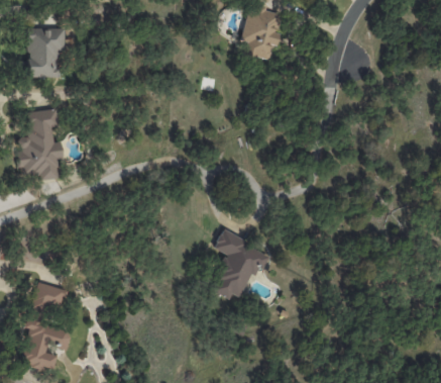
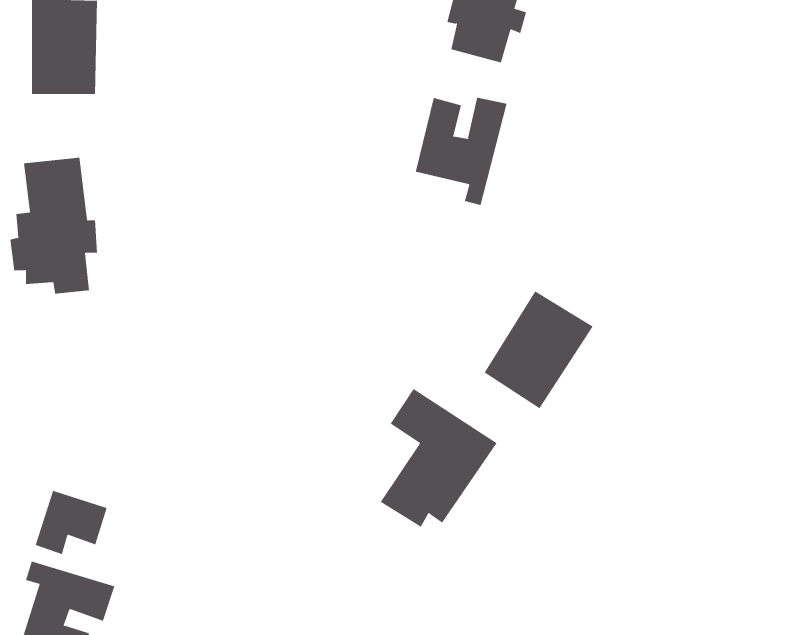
building: none -> [415,97,507,206]
building: none -> [484,291,594,409]

